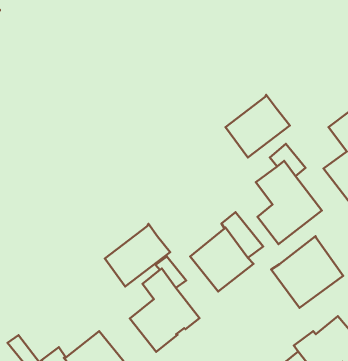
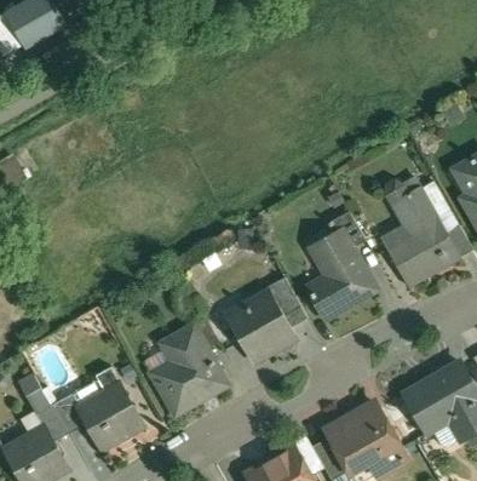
building: [225,95,290,157] -> none
building: [105,224,170,287] -> none
building: [271,236,343,308] -> none

